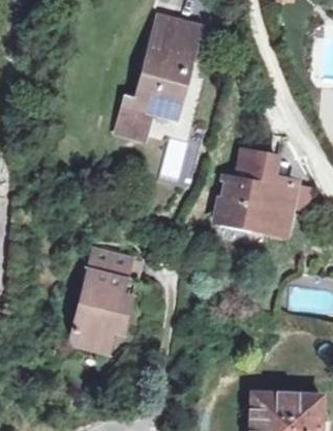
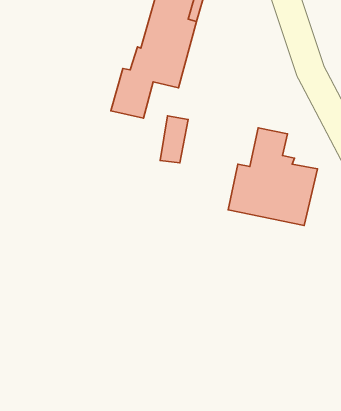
building: [70,249,135,351] -> none

